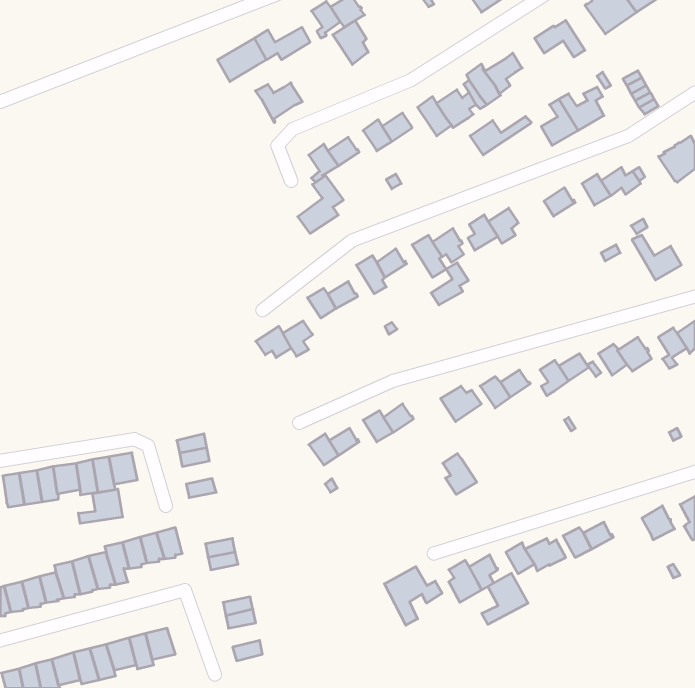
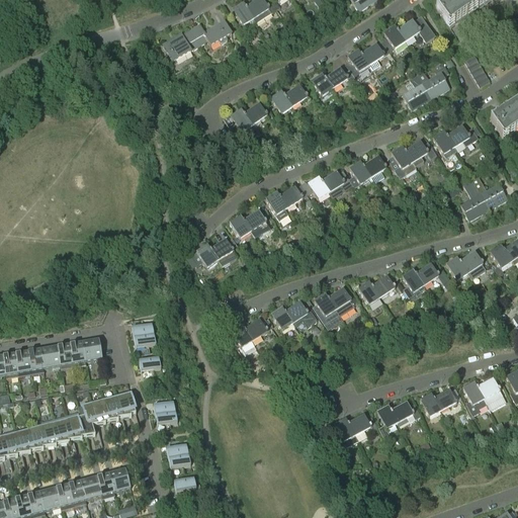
building: [333,21,368,65] -> none
building: none -> [380,24,406,50]
building: [255,83,302,123] -> none
building: [470,116,531,155] -> none
building: [298,176,343,233] -> none
building: none -> [391,145,416,178]
building: none -> [460,179,488,220]
building: [431,263,468,305] -> none
building: [443,454,477,494] -> [314,292,339,323]
building: [78,489,123,523] -> none
building: none -> [462,380,486,413]
building: [384,567,442,625] -> none
building: [482,573,528,624] -> none

